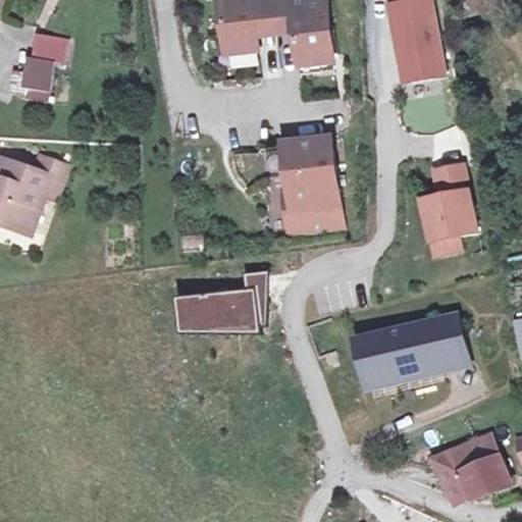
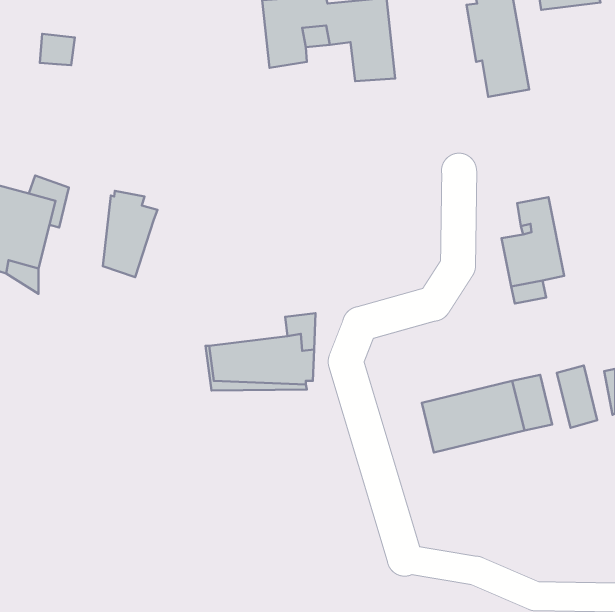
building: [21,52,48,92] -> none
building: [279,142,336,237] -> none
building: none -> [103,191,158,277]
building: none -> [557,365,597,428]
building: [436,433,507,499] -> none

